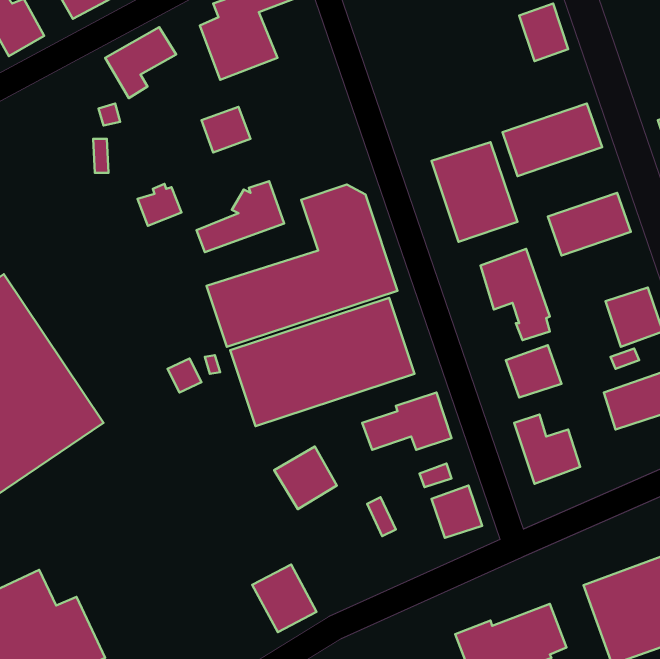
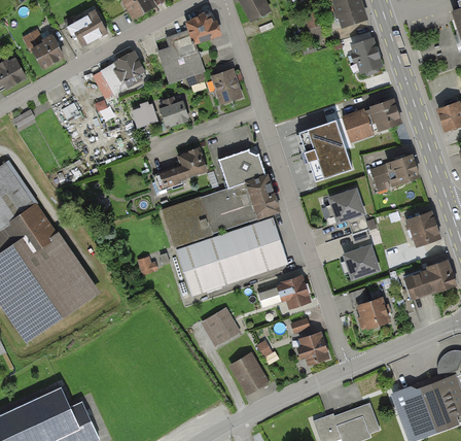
building: none -> [211,69,244,106]
building: [138,184,181,226] -> [131,102,157,128]
building: [252,565,317,632] -> [229,353,269,395]

